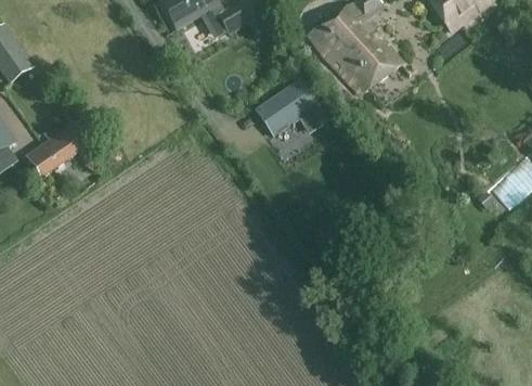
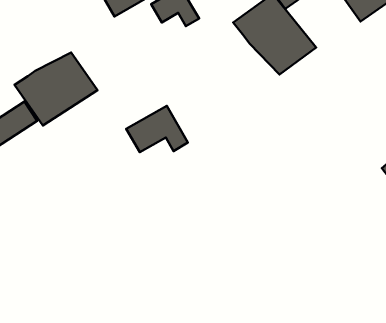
building: none -> [14,53,97,125]
building: [255,80,324,132] -> [126,106,188,152]

